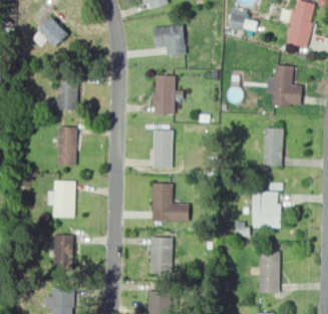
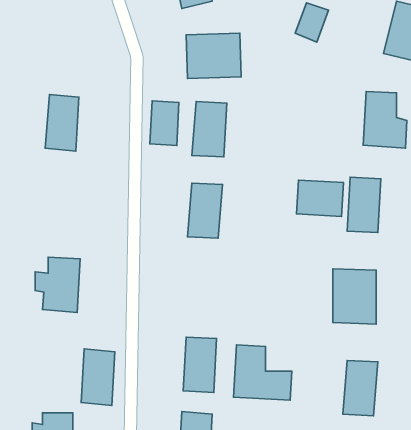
building: [38,18,67,47] -> none
building: none -> [150,101,179,146]
building: [54,128,78,167] -> none
building: none -> [296,180,344,216]
building: [150,186,191,224] -> [234,345,292,400]
building: [51,231,74,270] -> [81,349,115,406]

